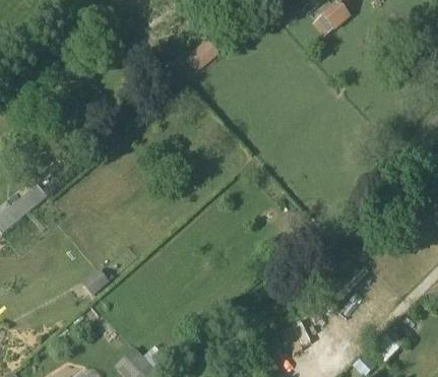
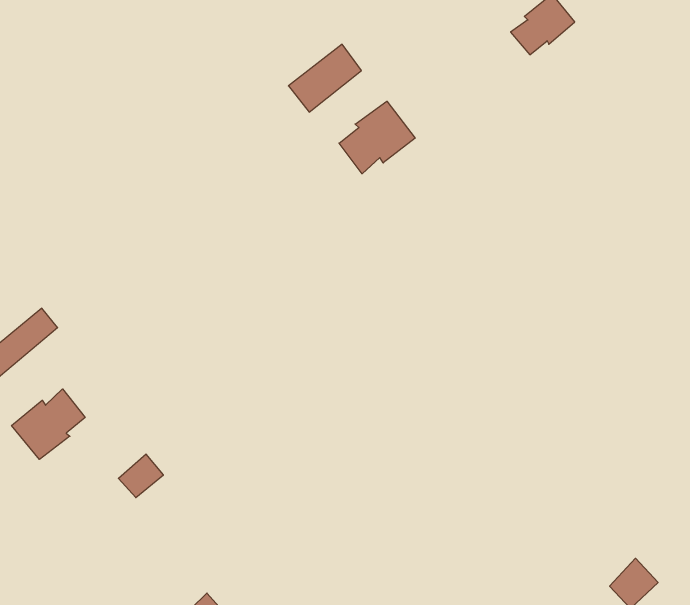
building: none -> [339,101,415,174]
building: none -> [12,389,85,459]

